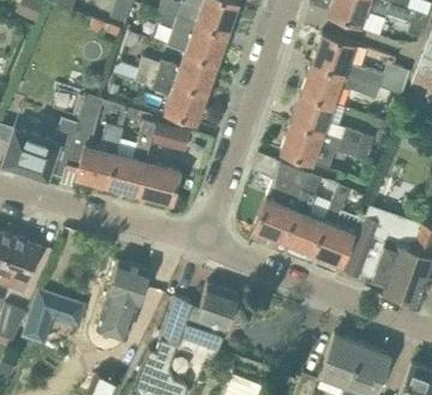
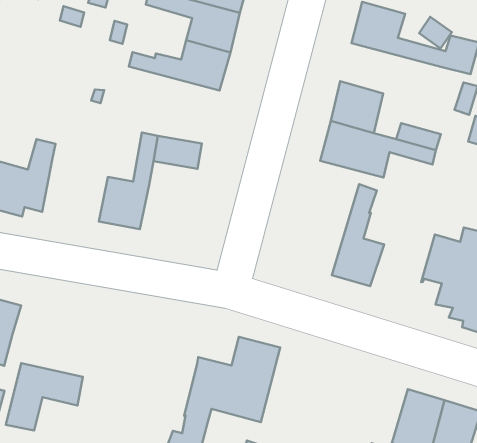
building: [301,64,380,104] -> none
building: [136,68,208,124] -> none
building: [74,94,128,186] -> none
building: [138,161,181,203] -> none
building: [253,161,310,241] -> none
building: [312,185,354,264] -> none
building: [89,259,150,343] -> none

